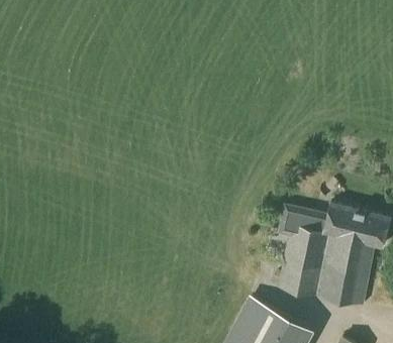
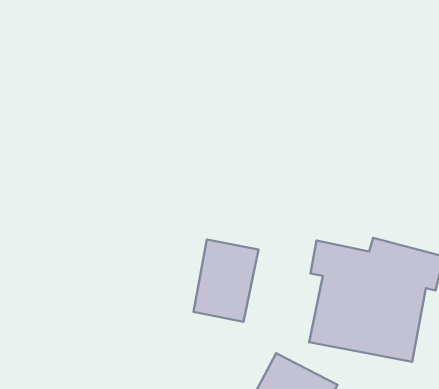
building: none -> [193,240,258,322]

